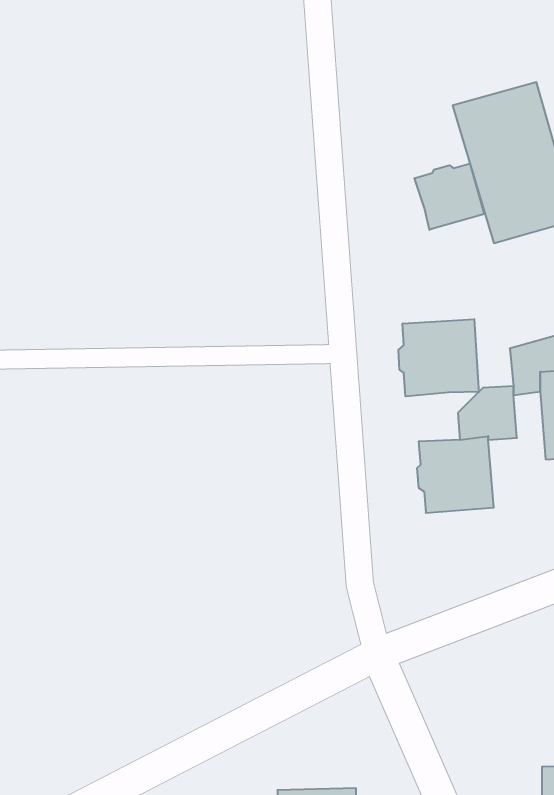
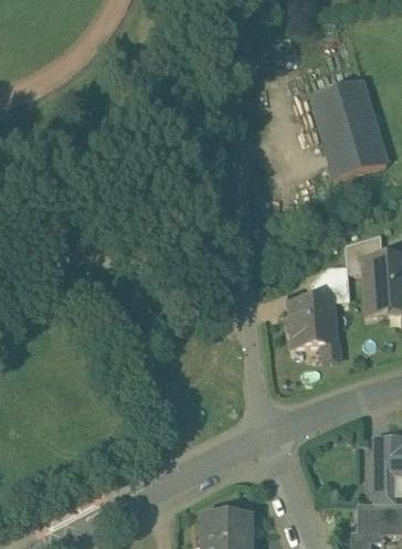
building: [415,164,484,230] -> none
building: [399,319,479,396] -> none

